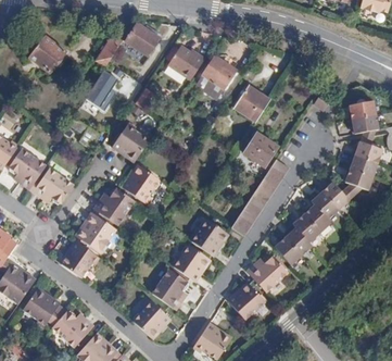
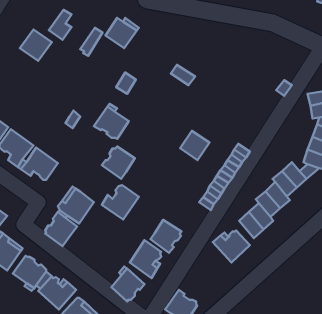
building: [167,42,205,78] -> none
building: [204,55,237,88] -> none
building: [91,72,116,105] -> [49,10,71,40]
building: [233,85,270,121] -> none
building: [243,133,276,165] -> [180,131,209,160]
building: [90,187,131,225] -> [102,185,139,219]
building: [192,222,227,259] -> none
building: [226,287,263,323] -> none

